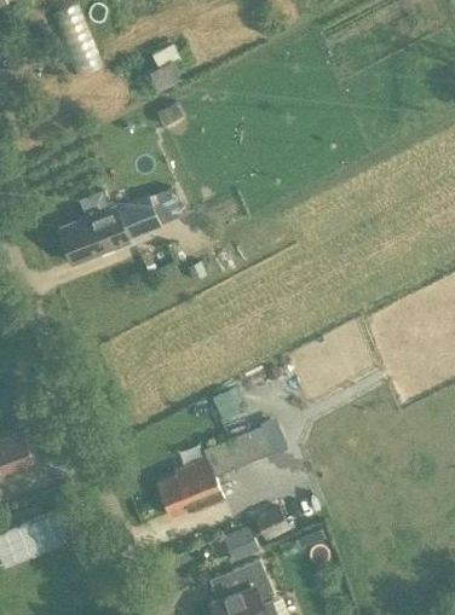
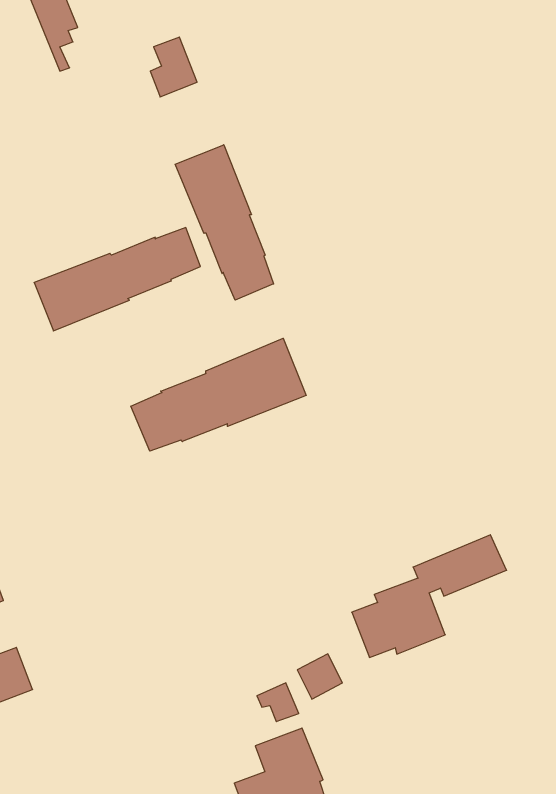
building: none -> [175,145,274,300]
building: none -> [131,338,306,451]
building: [155,425,271,517] -> [352,535,507,657]

